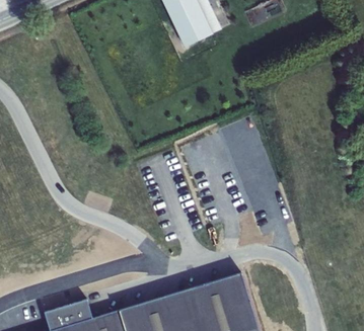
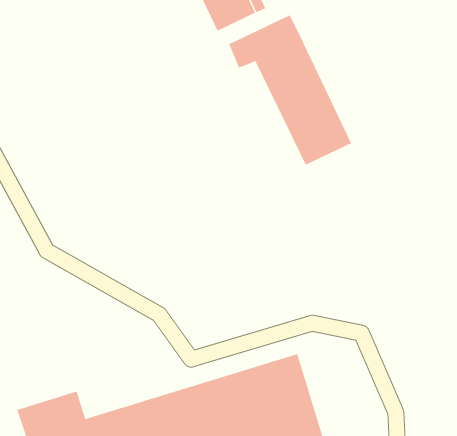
building: none -> [229,14,352,165]

